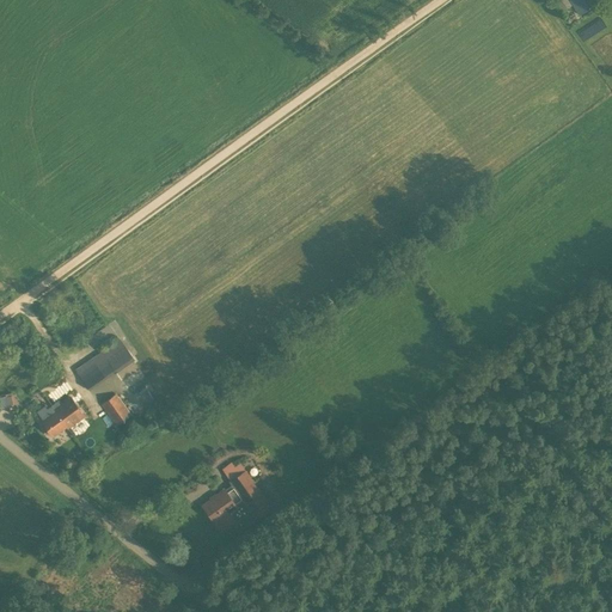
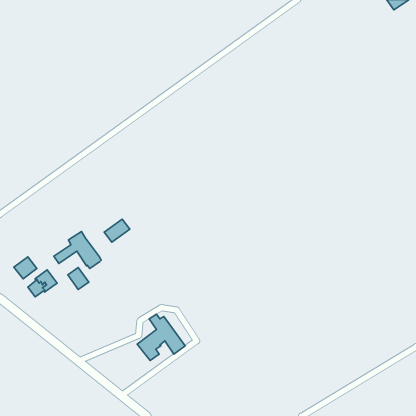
building: none -> [104,219,130,242]
building: none -> [14,257,37,279]

